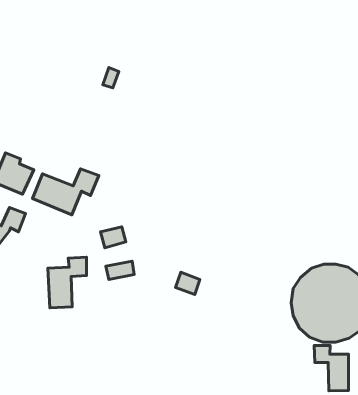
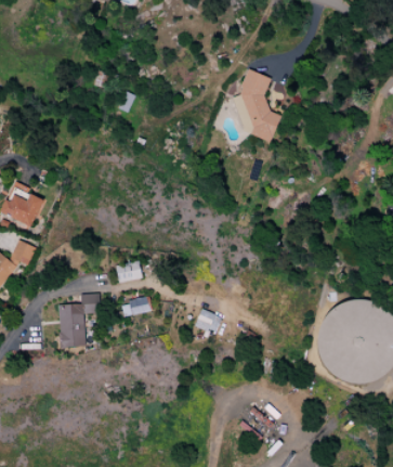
building: none -> [230,70,280,142]
building: [32,169,99,215] -> none
building: [314,346,348,391] -> none

